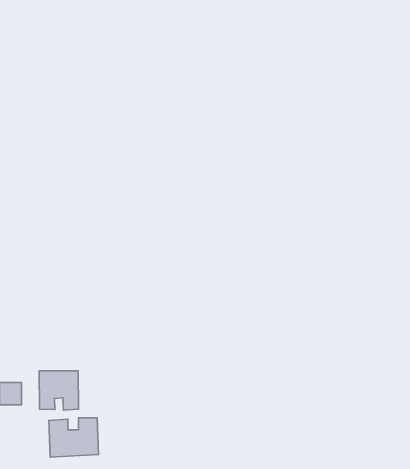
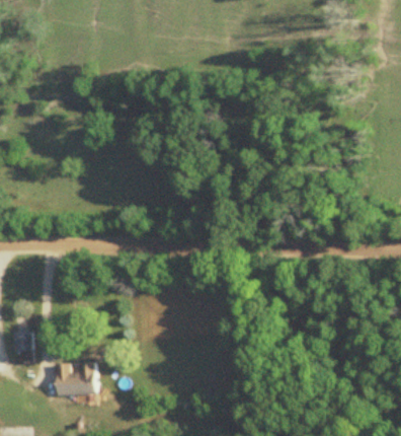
building: [39,371,79,410] -> none

